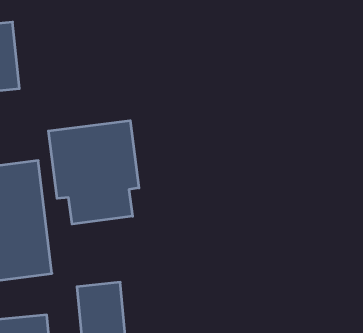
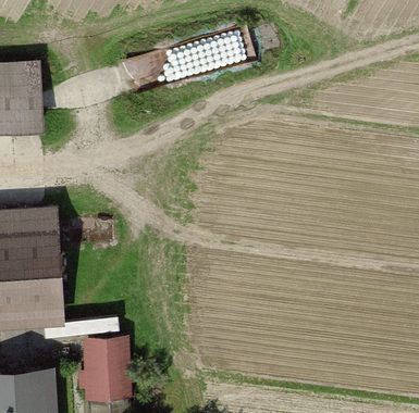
building: [48,121,139,224] -> none

